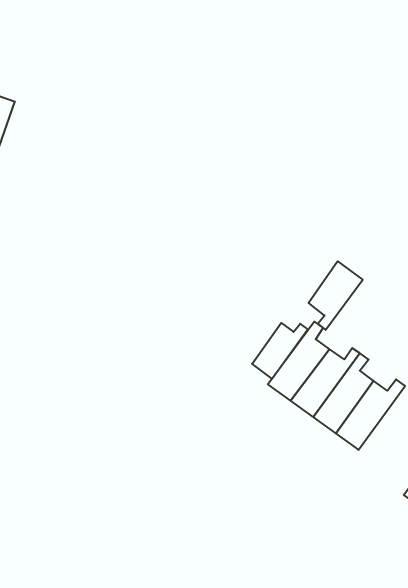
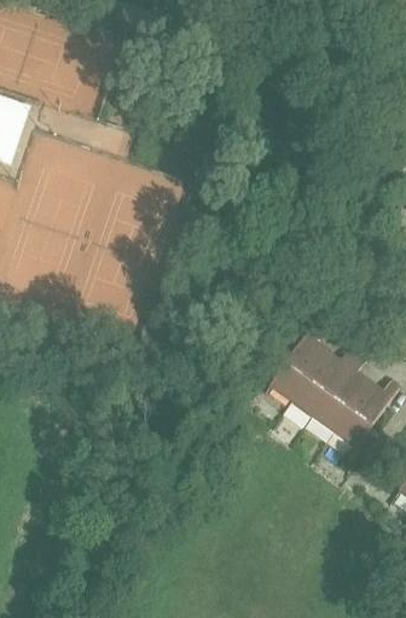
building: [309,261,363,330] -> none
building: [252,323,308,379] -> none

